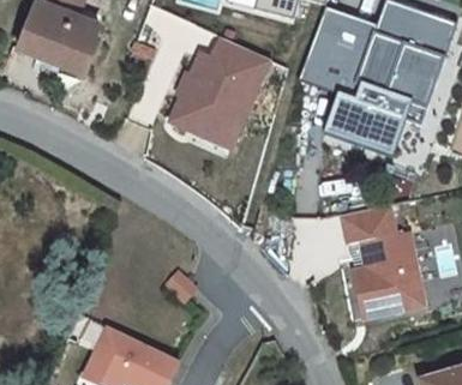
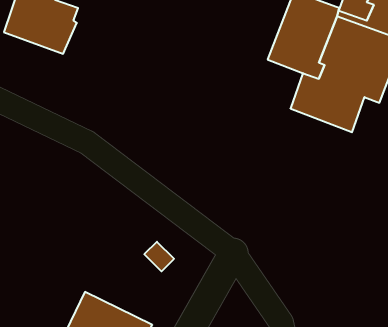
building: [168,42,264,146] -> none
building: [340,205,419,318] -> none

